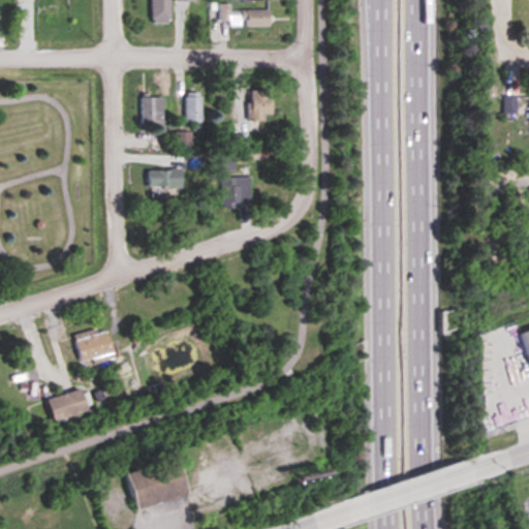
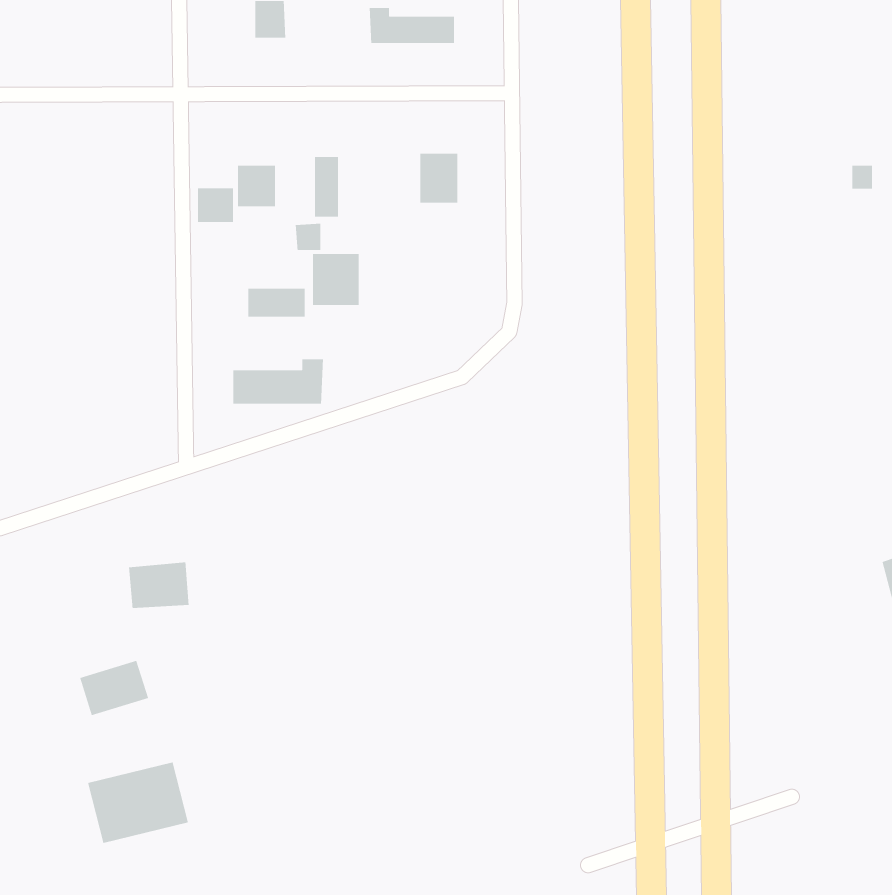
building: none -> [197,188,234,223]
building: [222,178,250,209] -> [312,253,360,306]
building: none -> [232,358,324,404]
building: [127,461,187,509] -> [87,761,189,844]

